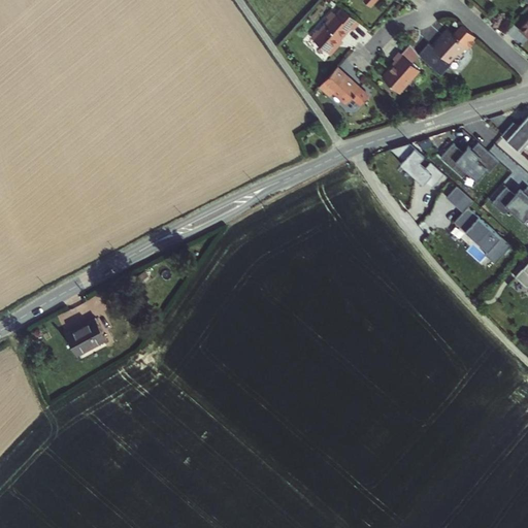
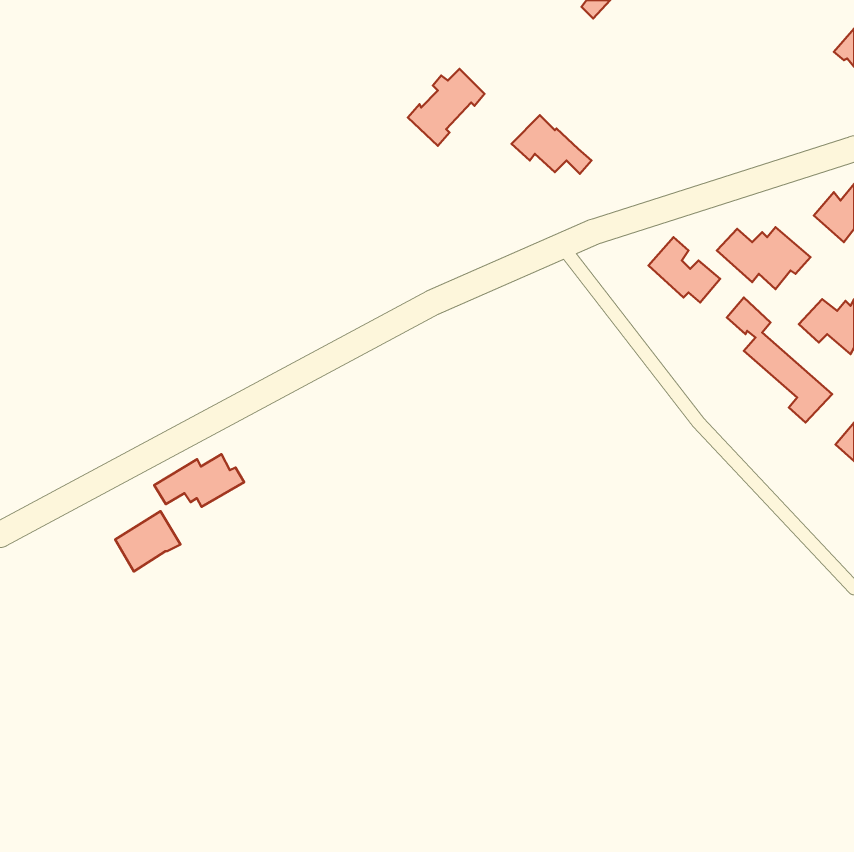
building: [308,12,356,60] -> [408,69,485,146]
building: [414,28,473,77] -> none
building: [377,54,415,94] -> none
building: none -> [154,454,244,507]

